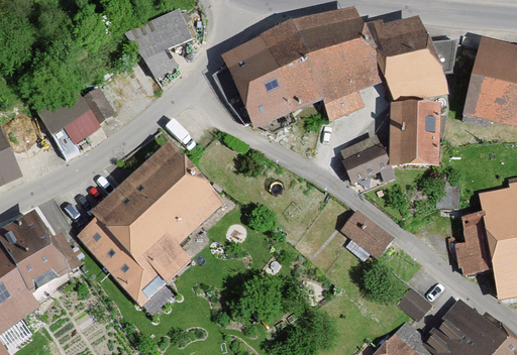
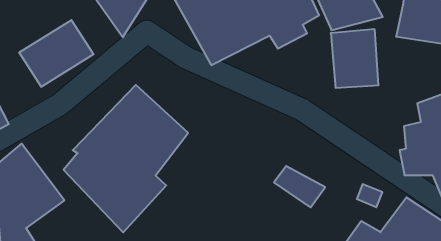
building: [341,143,390,183] -> none
building: [338,210,395,258] -> [274,166,325,207]

